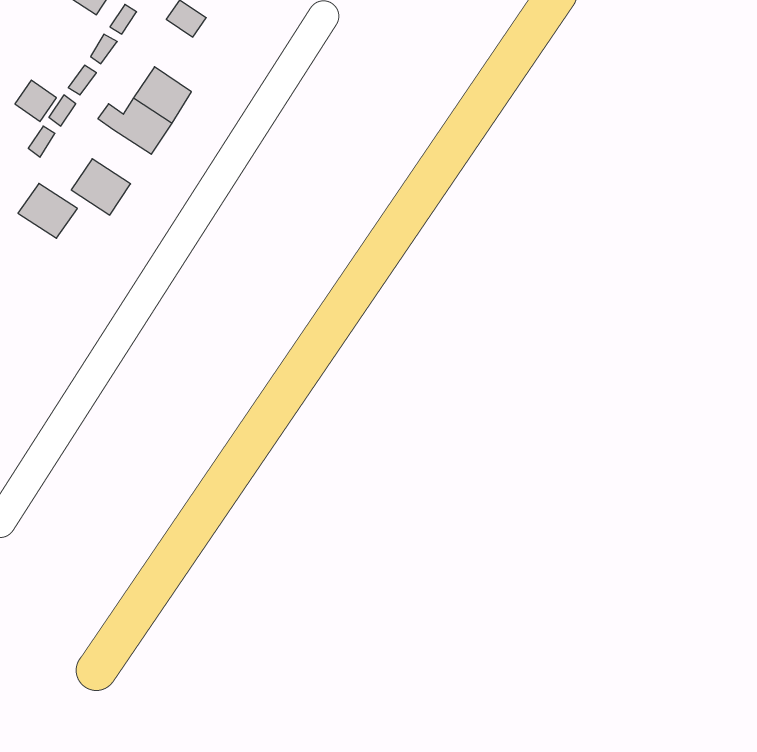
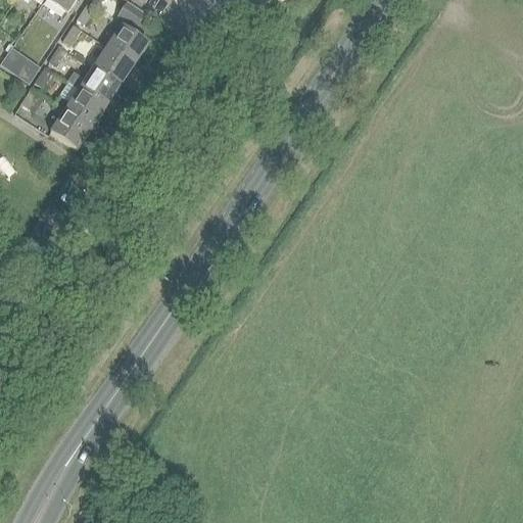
building: none -> [107,25,148,63]
building: [18,183,77,238] -> [64,89,105,127]

